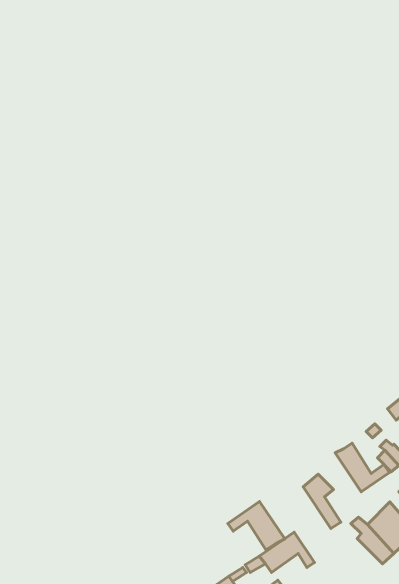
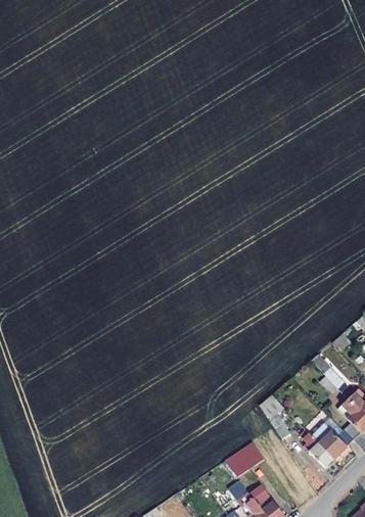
building: [335,443,389,492] -> none
building: [228,501,285,550] -> none

